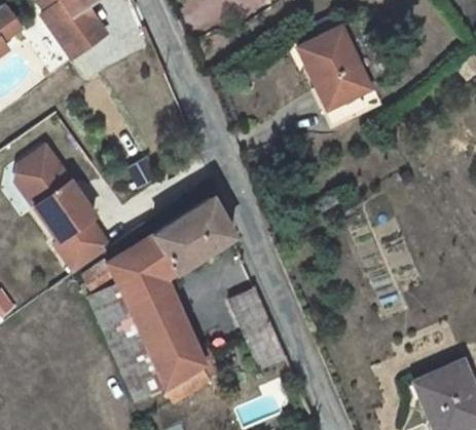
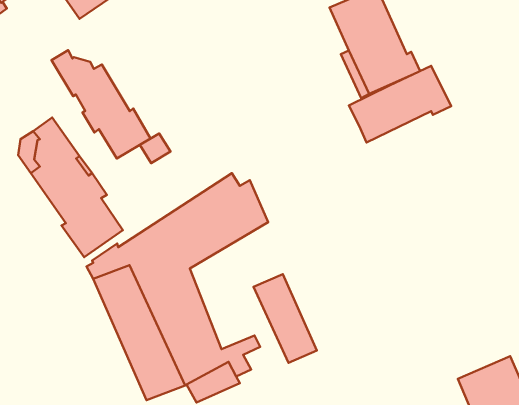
building: none -> [51,50,151,158]
building: none -> [349,66,451,143]

